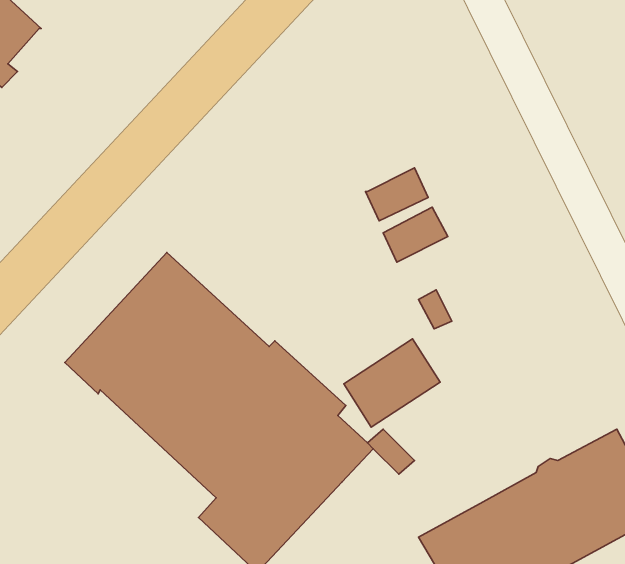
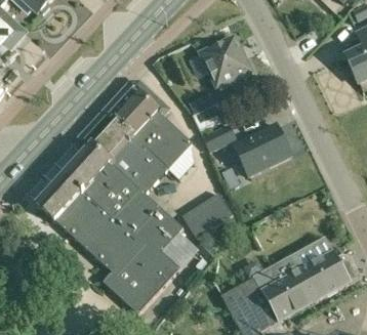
building: none -> [202,37,251,86]
building: none -> [90,83,193,196]
building: none -> [235,124,292,175]

